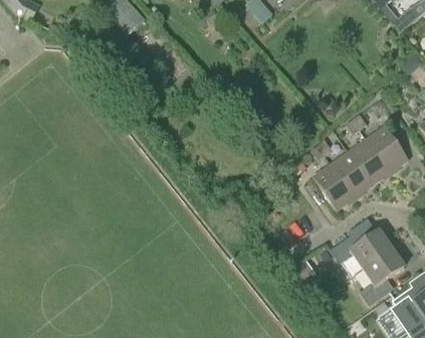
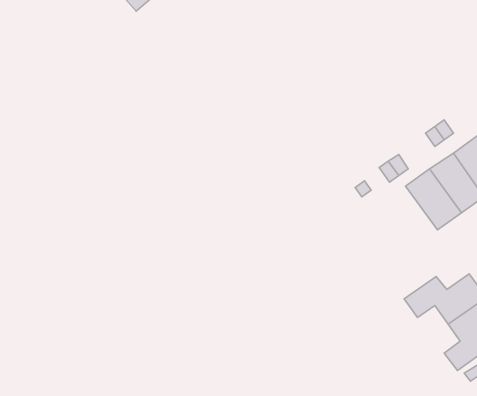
building: [312,164,355,210] -> none

